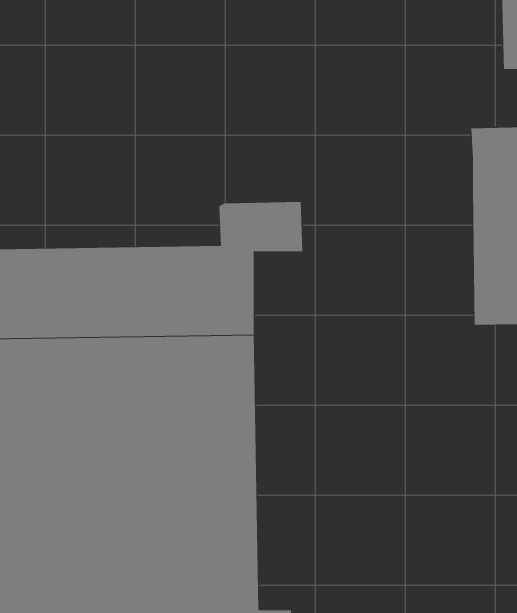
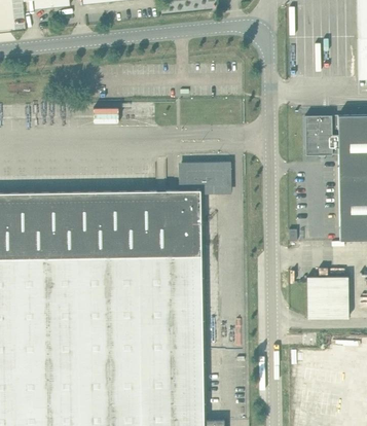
building: none -> [305,115,338,154]
building: none -> [307,276,348,318]

